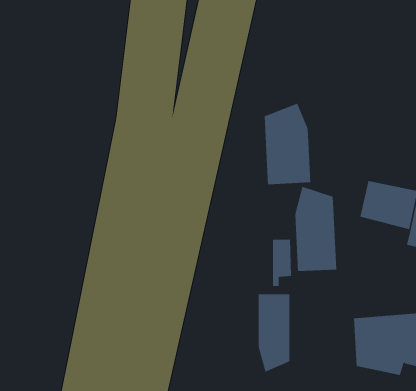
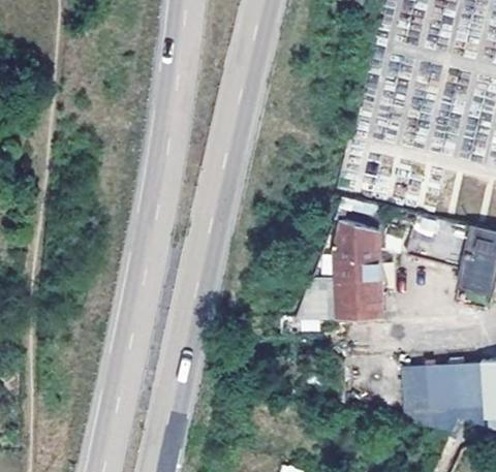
building: [264,103,311,185] -> none
building: [258,294,290,373] -> none

